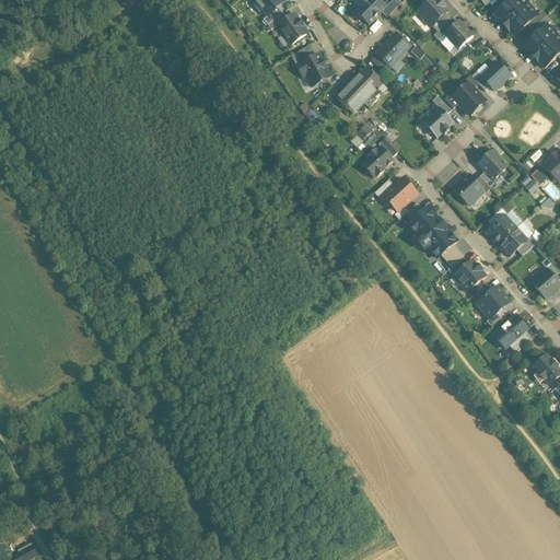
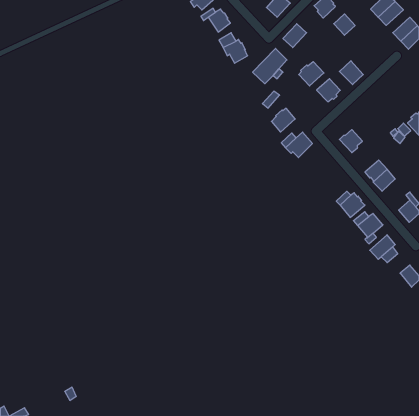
building: [481,60,511,89] -> none
building: none -> [299,62,324,86]
building: [479,149,508,178] -> none
building: [409,206,457,256] -> none

